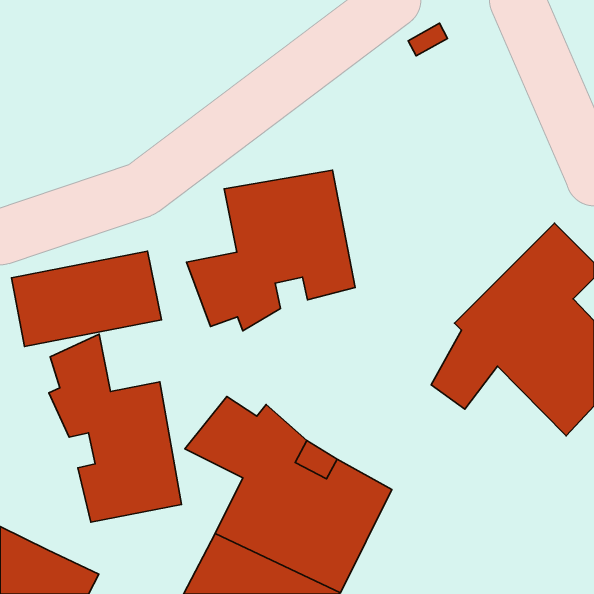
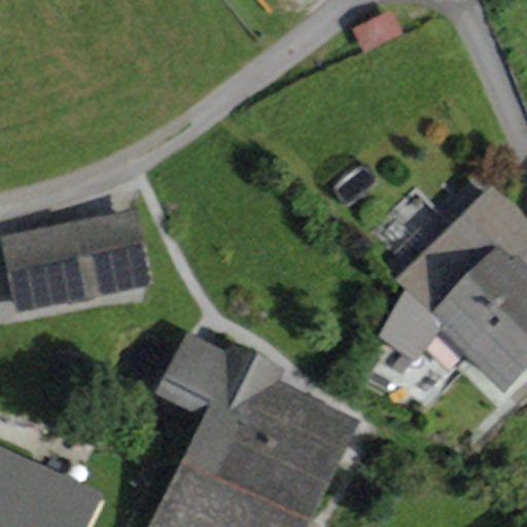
building: [186,170,355,331] -> none
building: [49,334,182,522] -> none

